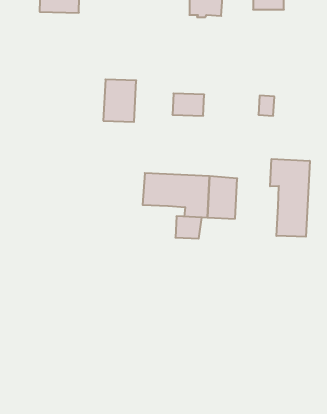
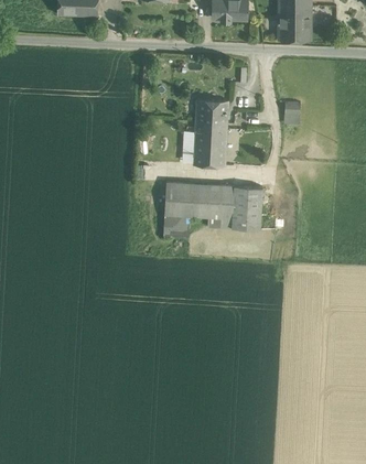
building: none -> [278,12,311,40]
building: [103,79,136,122] -> [193,121,227,165]
building: [270,159,310,237] -> none
building: [175,216,202,239] -> [163,215,191,238]

